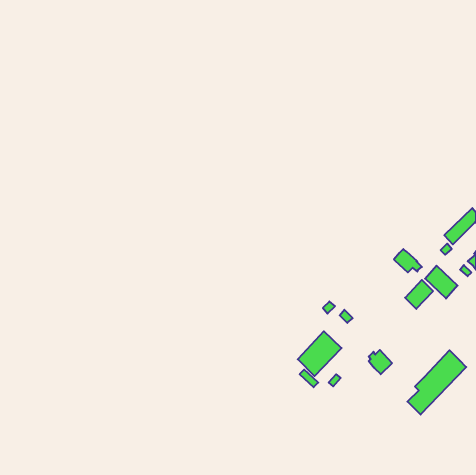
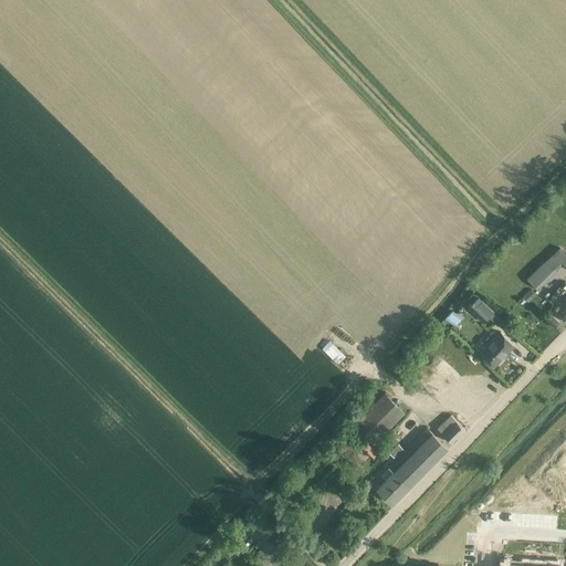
building: [425,266,458,299] -> none
building: [407,350,466,415] -> [377,430,447,506]

